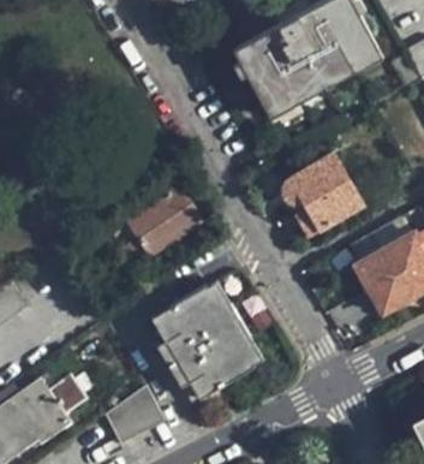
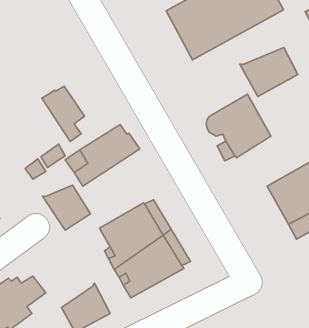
building: none -> [240,48,298,96]
building: none -> [42,86,84,141]
building: none -> [42,185,90,230]

